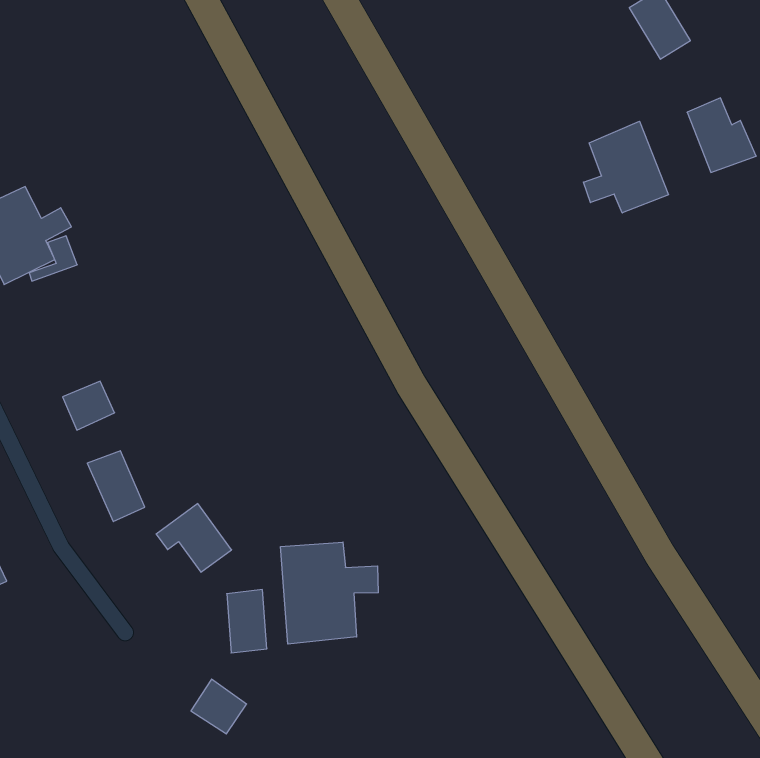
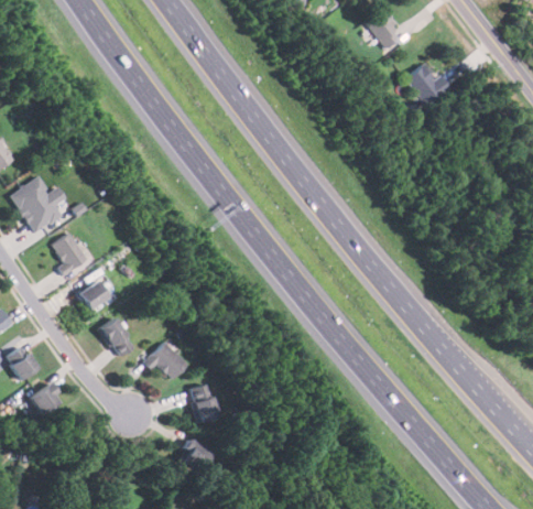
building: [583,121,668,213] -> none
building: none -> [53,232,91,278]
building: [281,542,378,644] -> none

